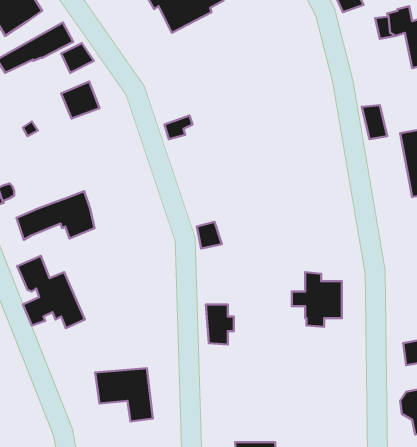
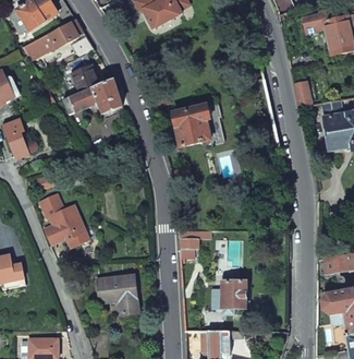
building: none -> [173,101,223,146]
building: [16,191,94,240] -> [63,79,121,115]
building: [292,272,342,327] -> [210,274,247,314]

